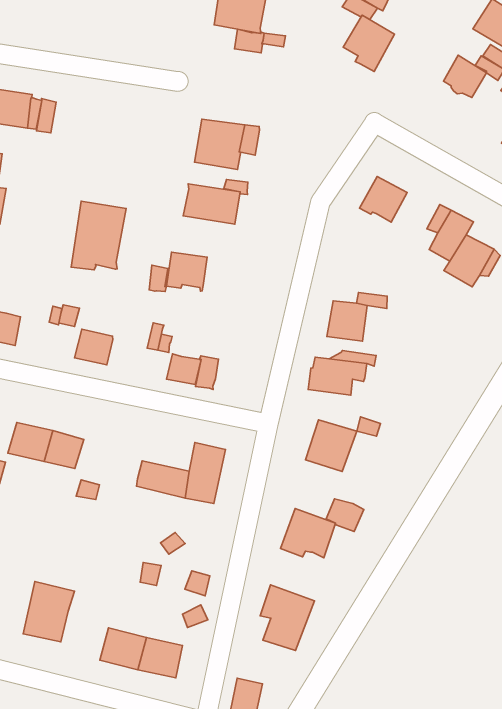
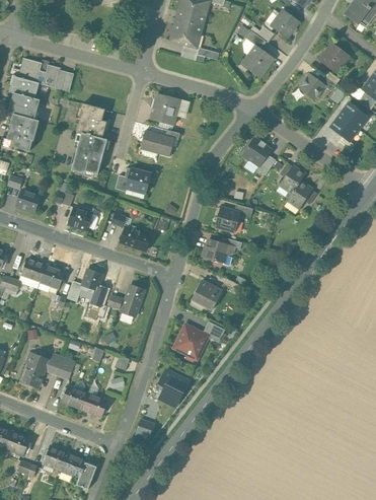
building: none -> [76,104,105,139]
building: none -> [80,267,104,298]
building: none -> [47,352,76,378]

